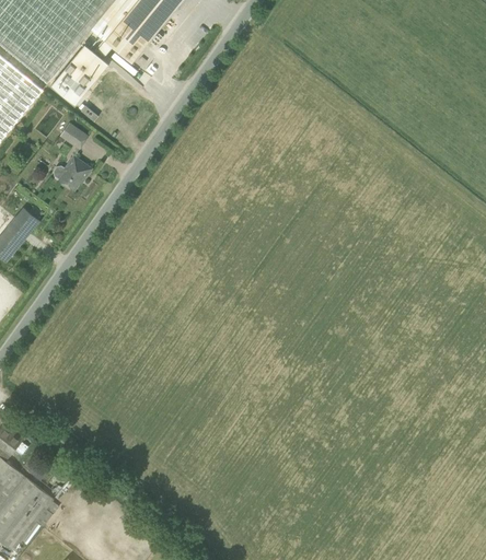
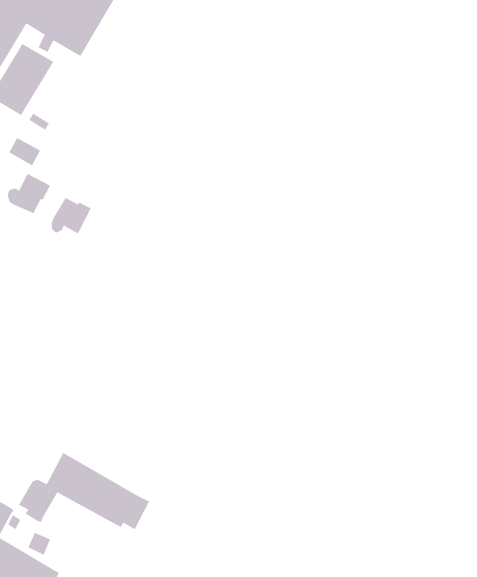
building: none -> [51,197,92,234]
building: none -> [18,452,150,530]

